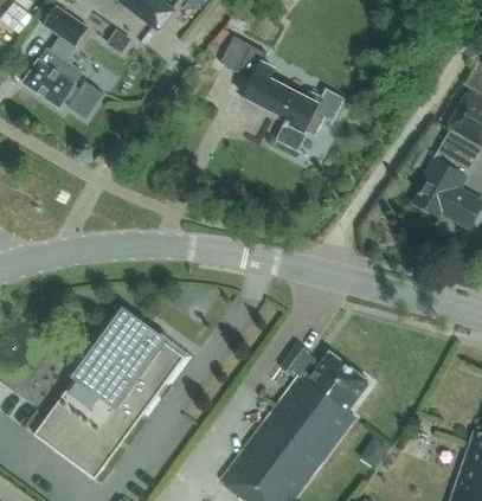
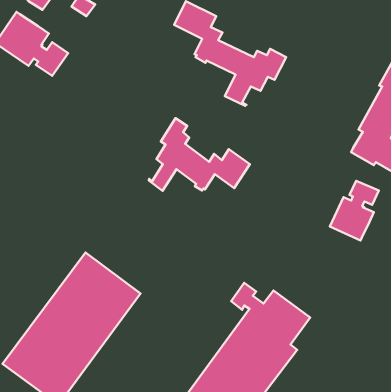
building: none -> [149,118,250,191]
building: none -> [330,181,379,240]

